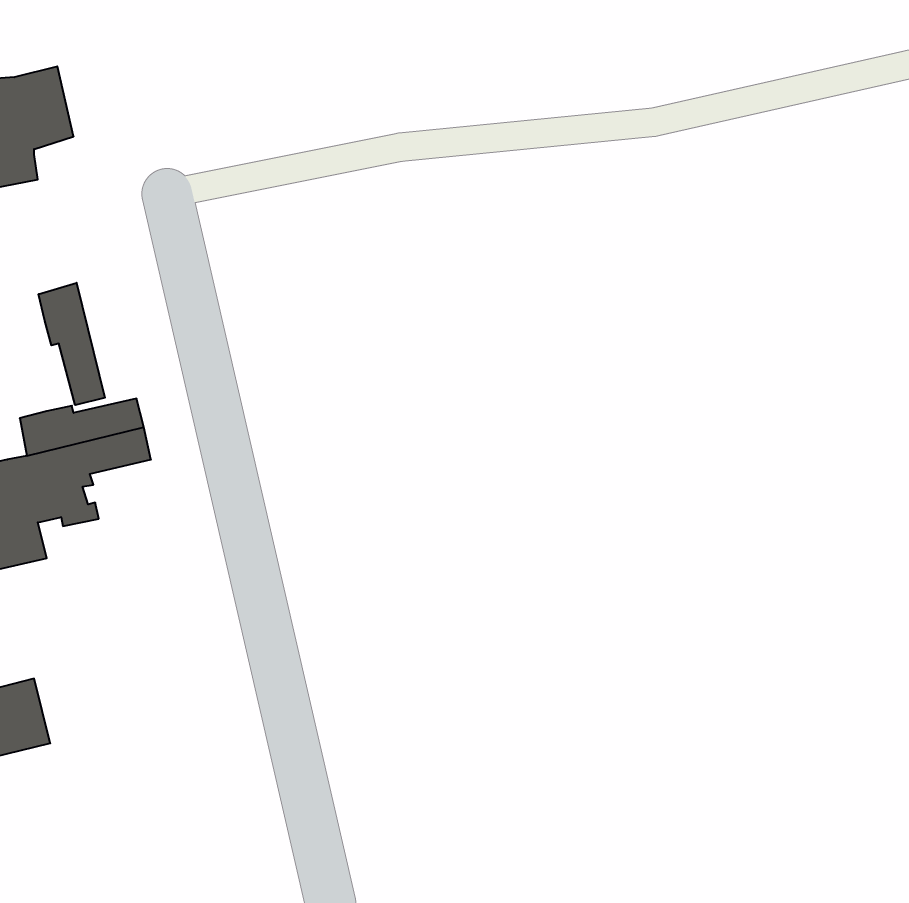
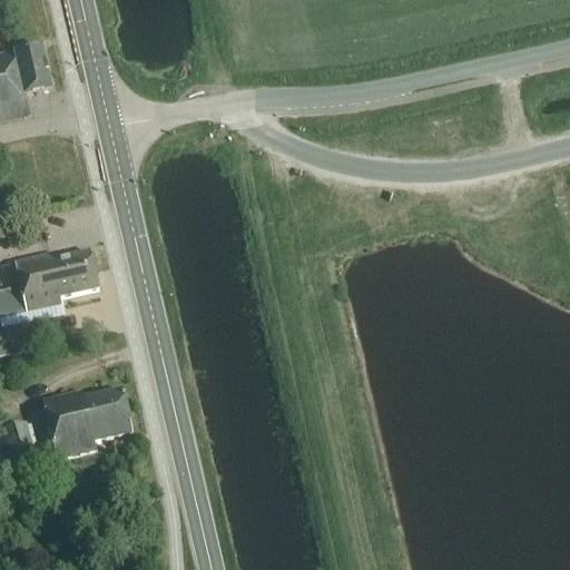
building: [39,283,105,405] -> none
building: none -> [39,385,127,455]

